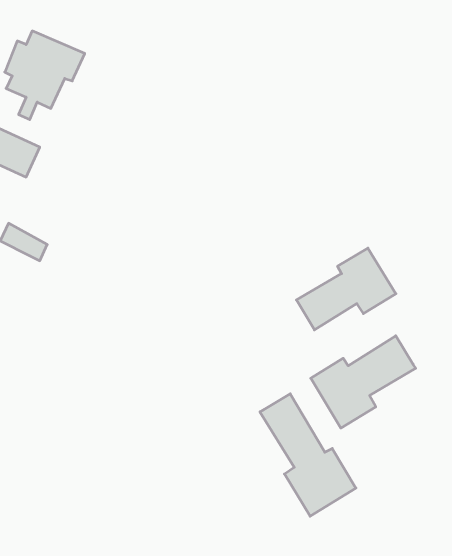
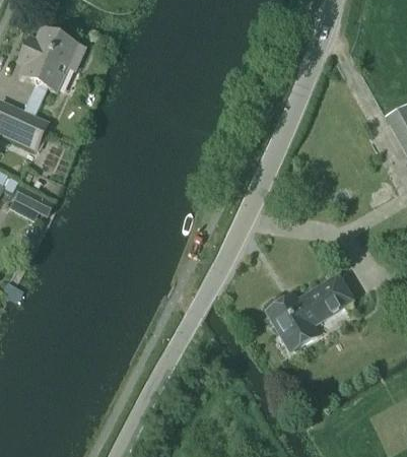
building: [296,248,396,330] -> none
building: [260,394,356,516] -> none

